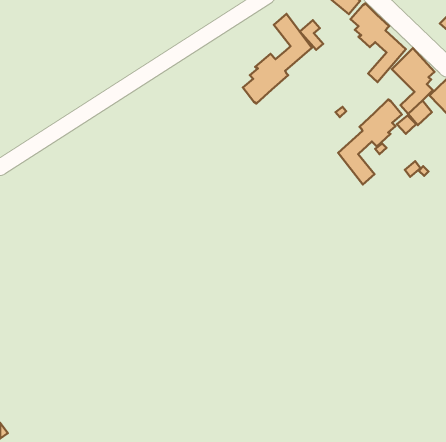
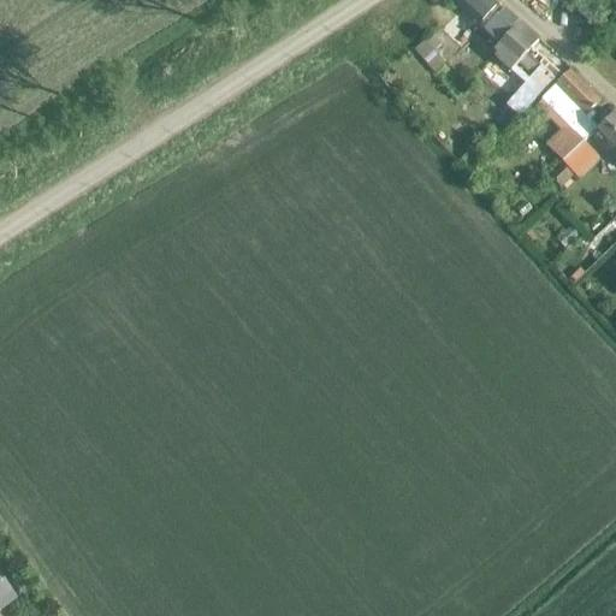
building: [243,14,312,103] -> none
building: [338,100,402,185] -> none

